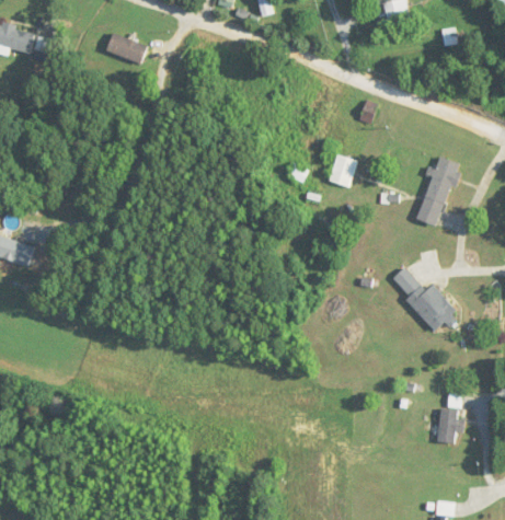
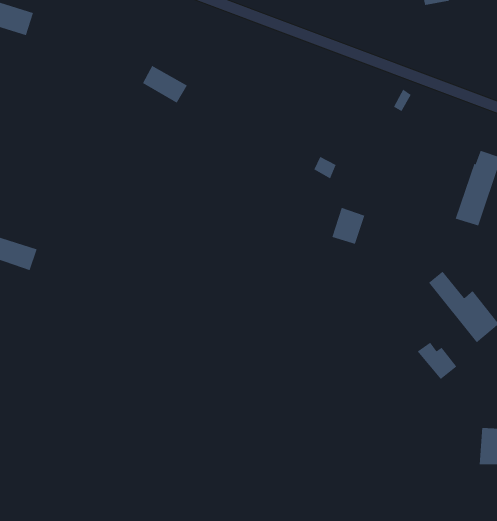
building: [105,30,147,65] -> [142,65,188,104]
building: [328,153,358,187] -> [331,207,365,244]
building: none -> [417,342,457,380]

